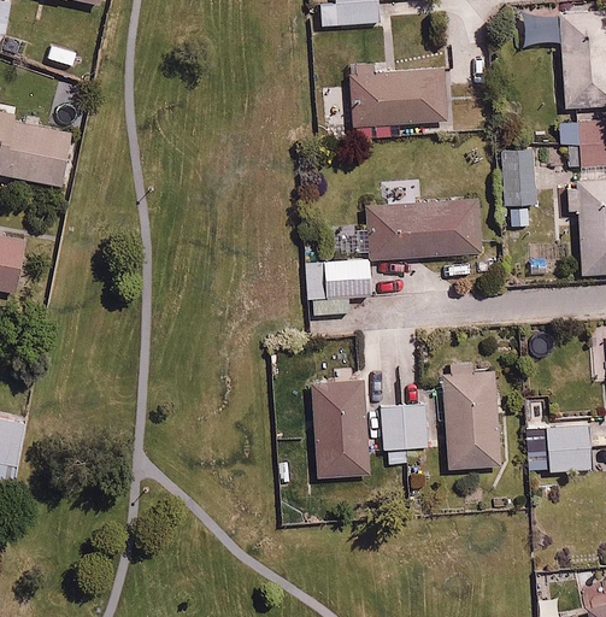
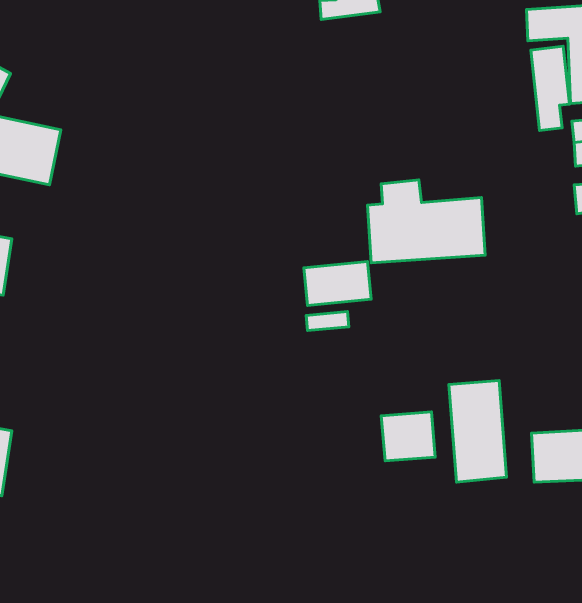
building: [347,66,442,123] -> none
building: [499,149,536,230] -> [531,46,570,130]
building: [316,381,371,477] -> none

